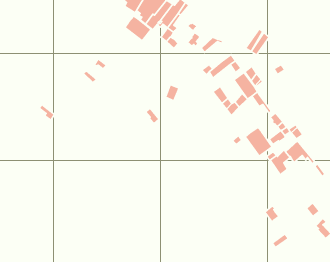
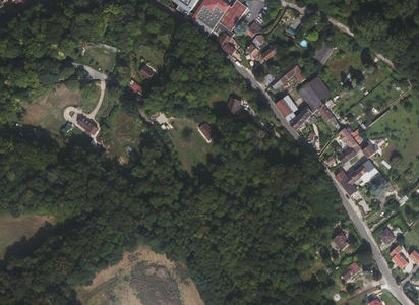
building: [125,16,151,41] -> none
building: [245,127,272,156] -> none

